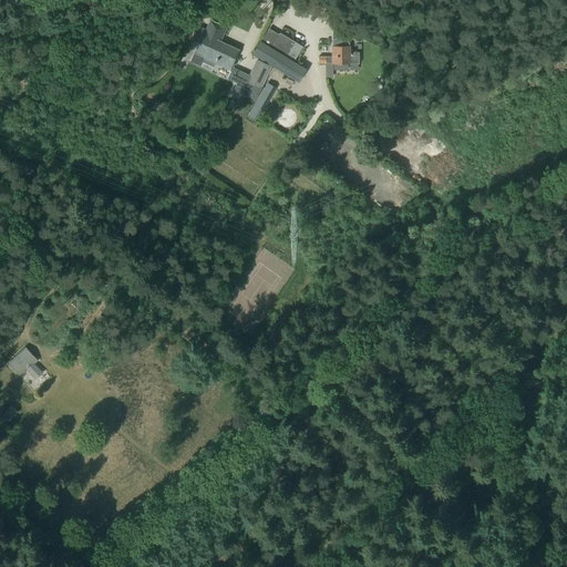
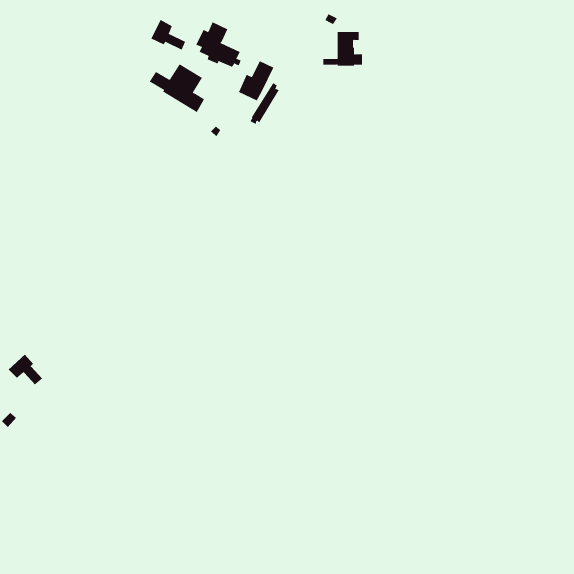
building: none -> [151,19,186,51]
building: [249,33,305,82] -> [149,63,205,113]

